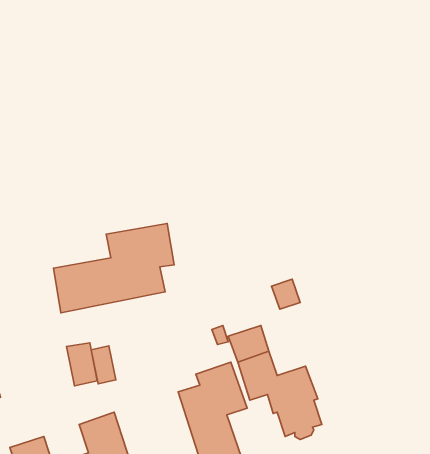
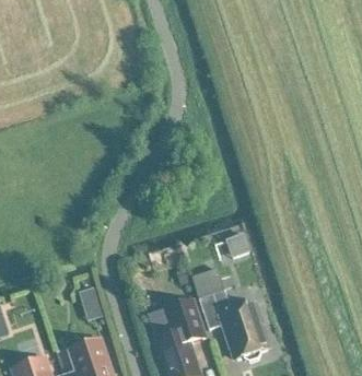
building: [54,224,174,313] -> none
building: [66,343,97,386] -> none

